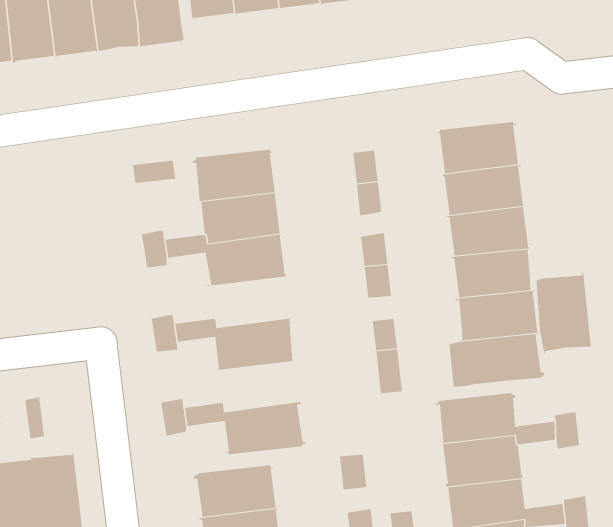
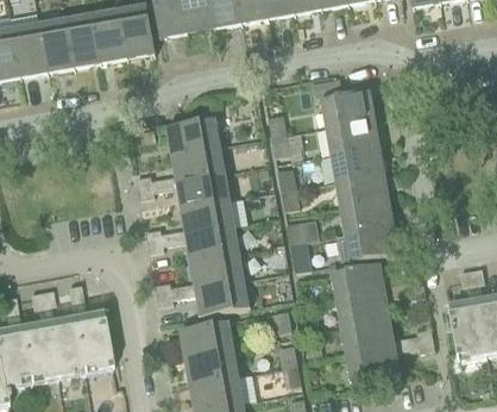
building: [536,271,591,354] -> none
building: none -> [180,196,247,235]
building: none -> [189,252,243,288]

